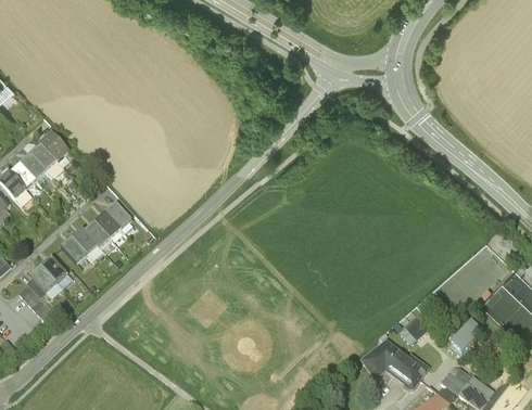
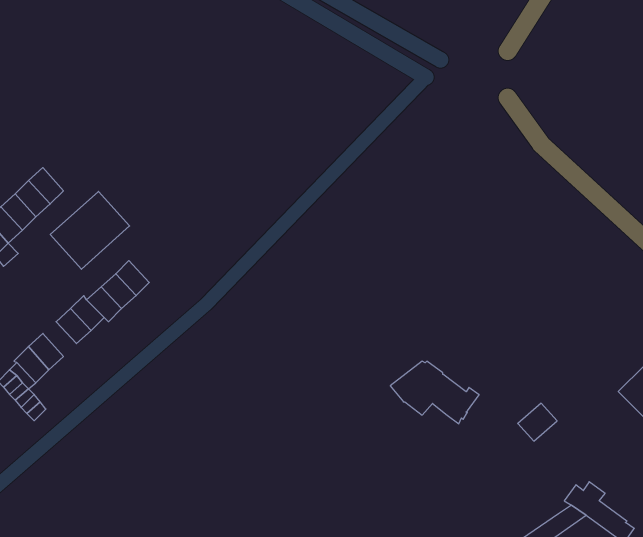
building: none -> [50,191,130,269]
building: [452,322,482,353] -> none
building: [362,341,428,387] -> [390,361,479,424]

